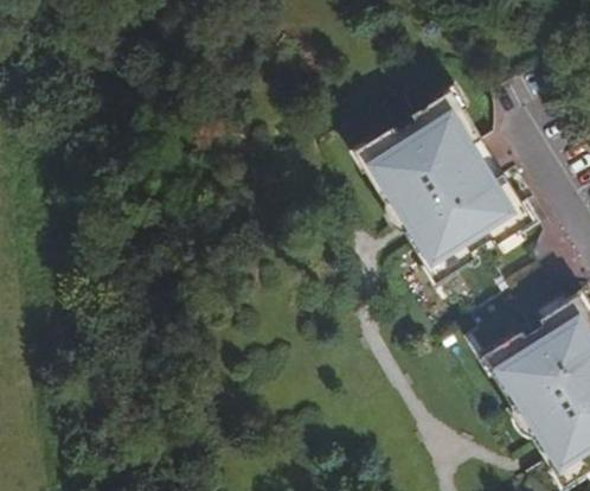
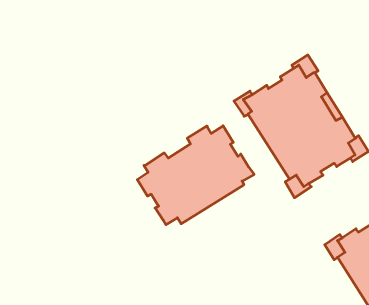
building: none -> [137,126,254,225]

